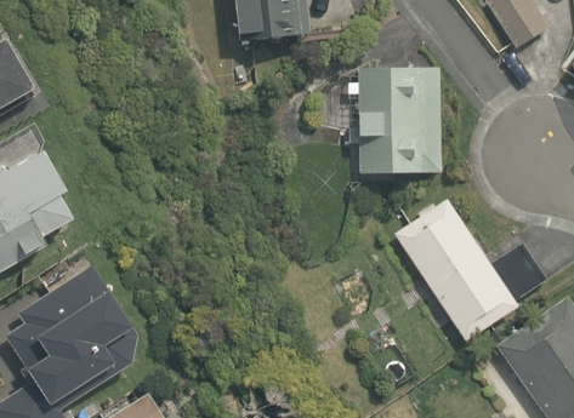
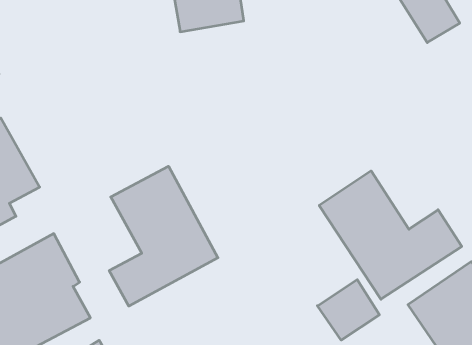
building: [354,64,442,177] -> none
building: none -> [109,166,218,306]
building: none -> [317,280,379,340]

